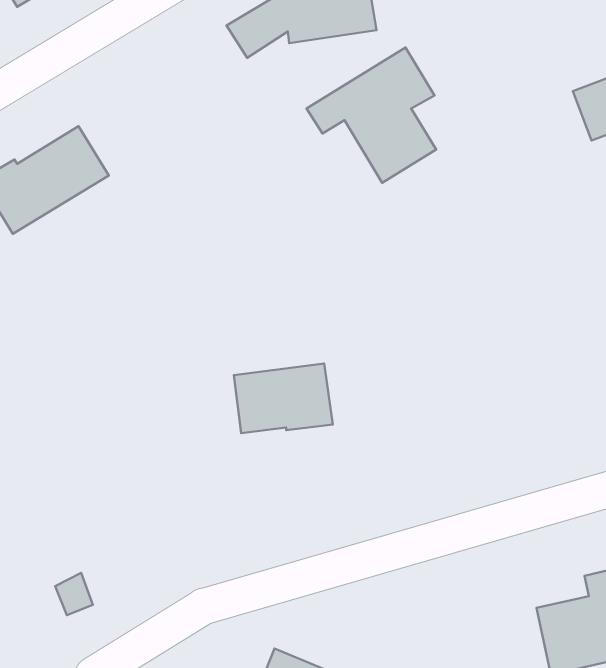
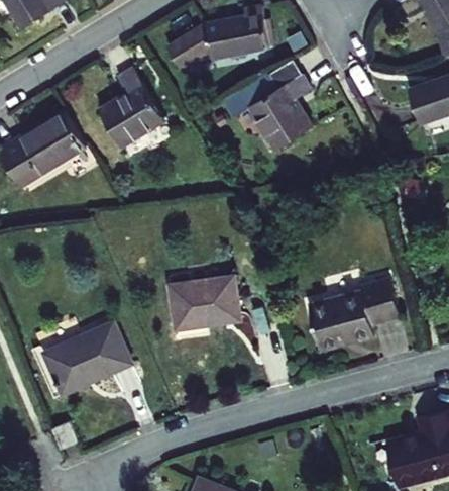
building: none -> [97,66,162,143]
building: none -> [307,277,399,352]
building: none -> [45,322,133,395]

